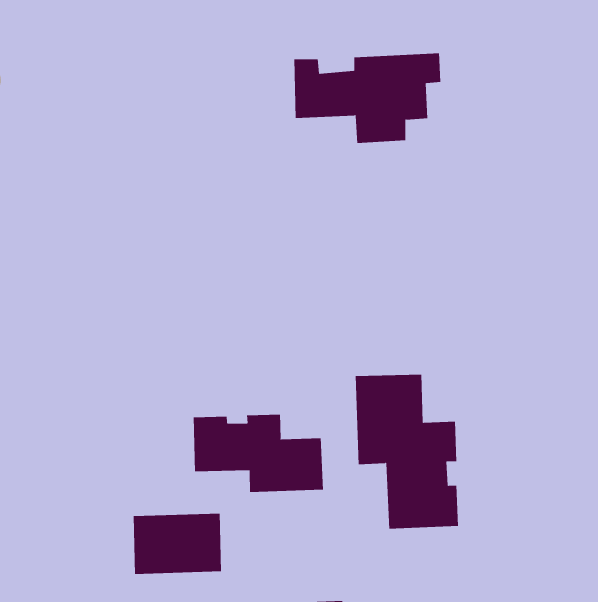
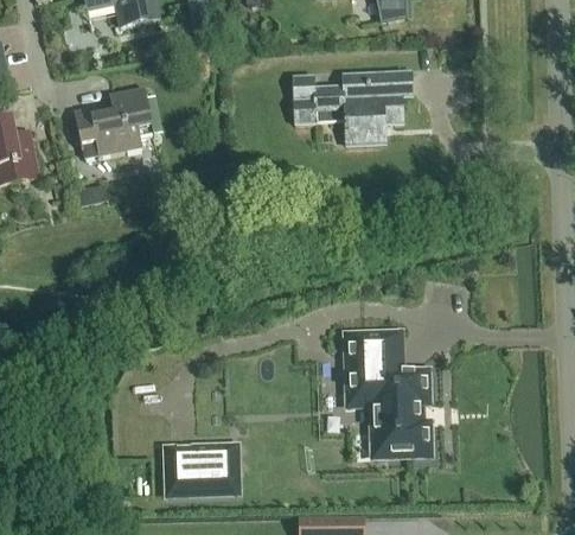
building: none -> [74,87,154,158]
building: [193,414,323,493] -> none

